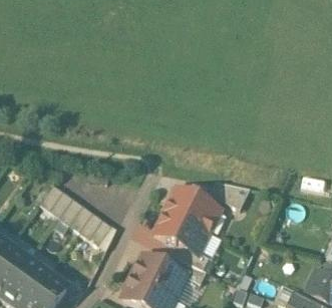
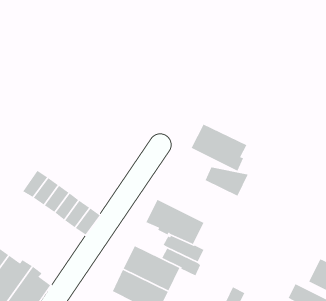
building: [164,188,218,233] -> [190,123,248,172]

